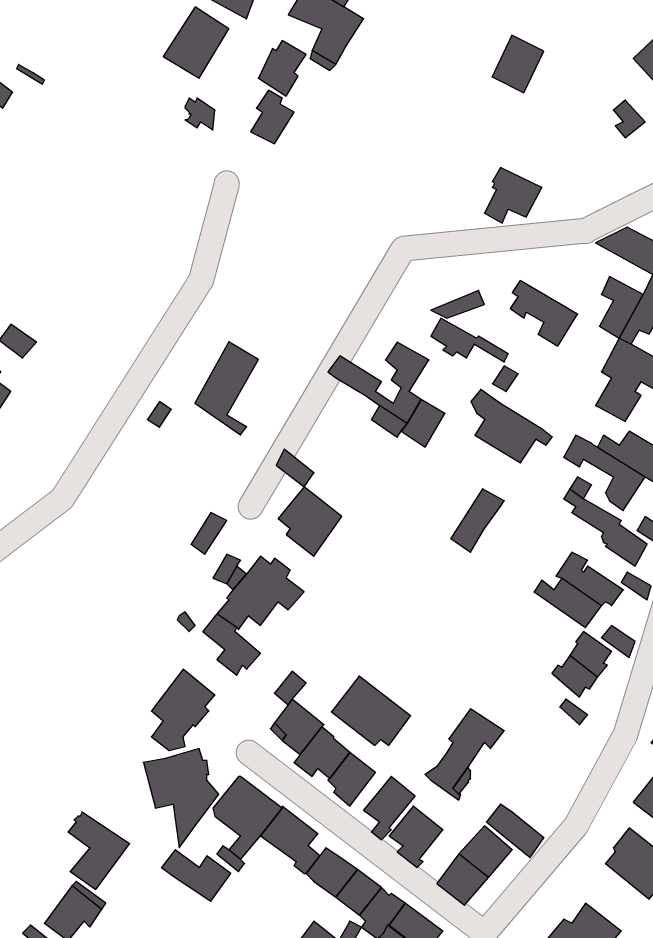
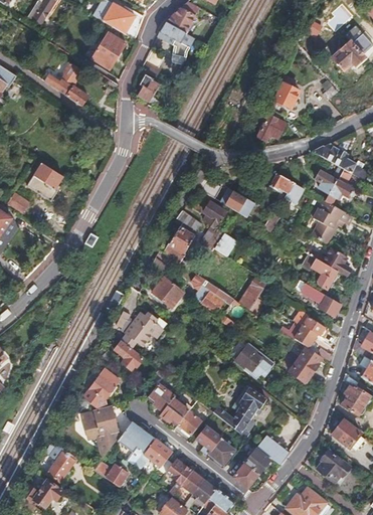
building: [492,35,544,93] -> [272,82,299,112]
building: none -> [42,60,88,105]
building: none -> [28,162,63,200]
building: [195,342,258,435] -> [164,220,196,268]
building: [471,389,552,463] -> [193,275,234,312]
building: [331,676,411,745] -> [234,344,274,379]

